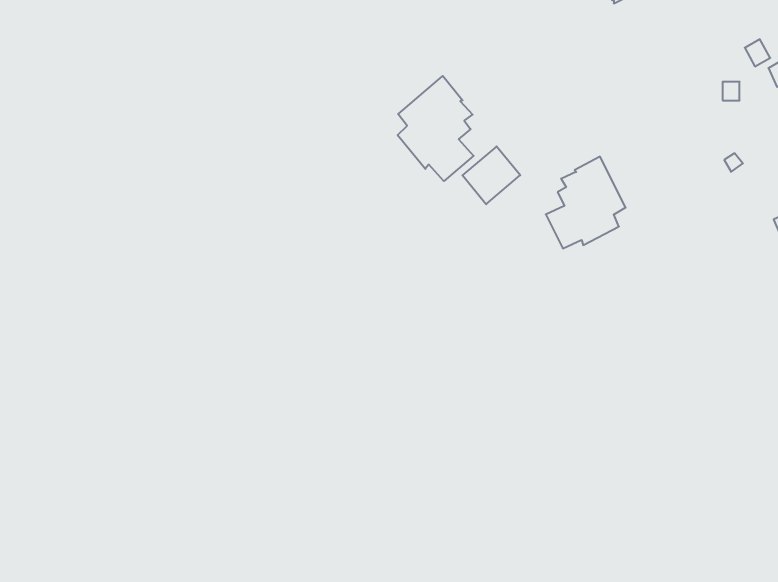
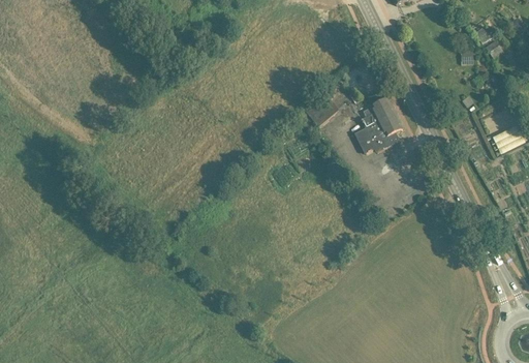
building: [398,76,474,181] -> none

